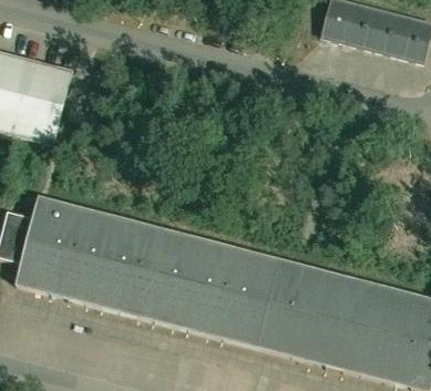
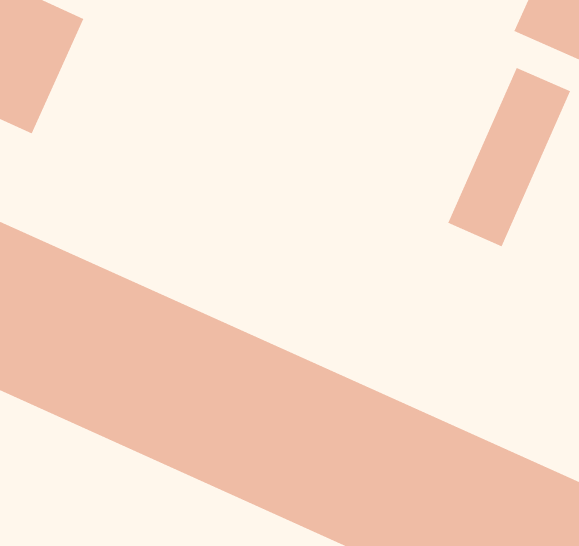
building: none -> [447,67,571,247]

